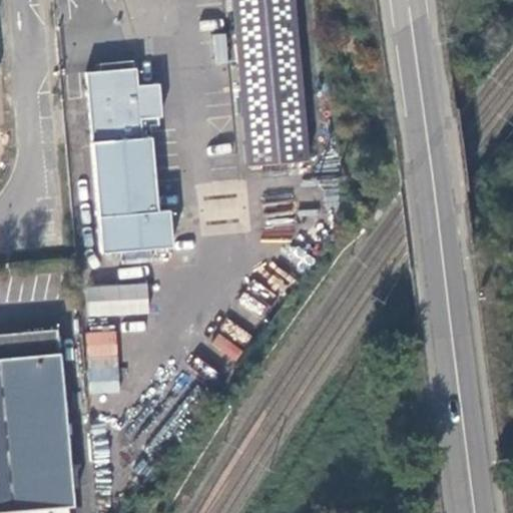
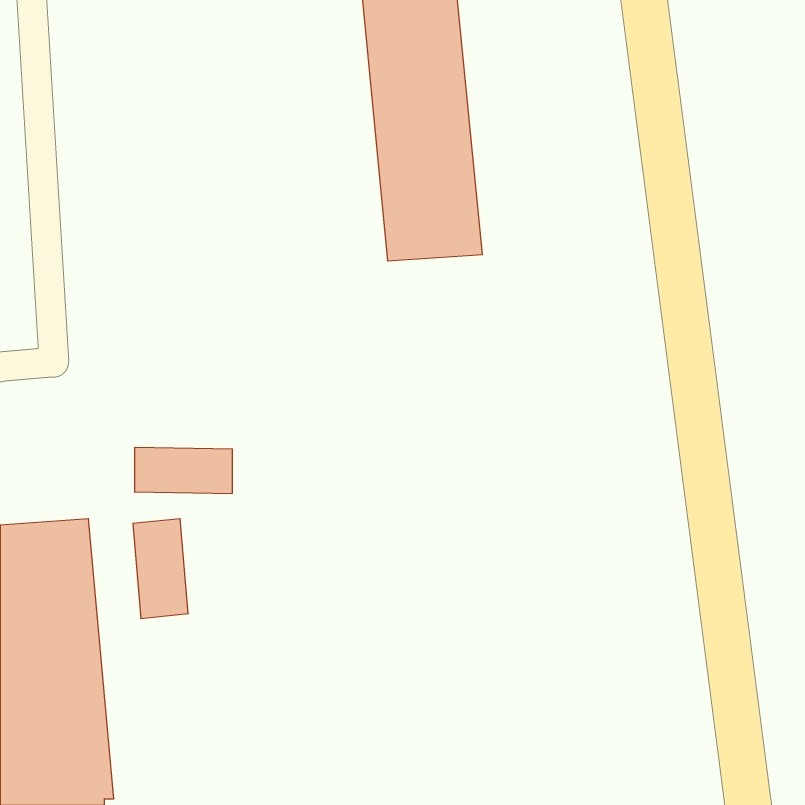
building: [87,61,173,250] -> none

